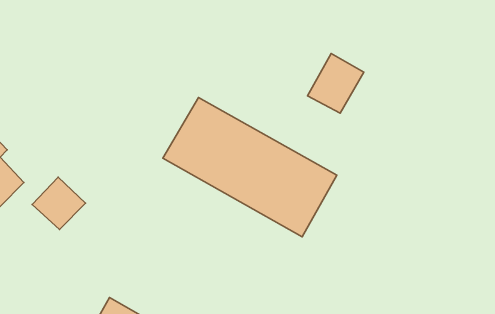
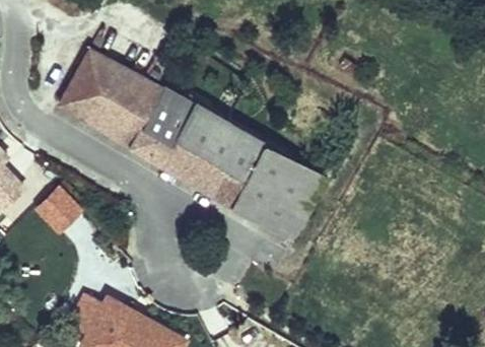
building: none -> [61,48,193,162]
building: [307,54,364,113] -> none

